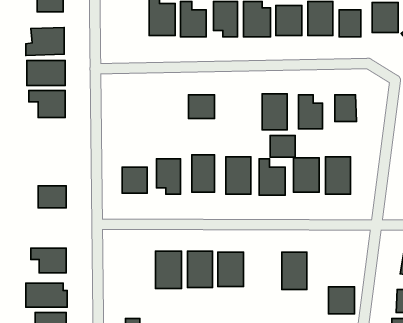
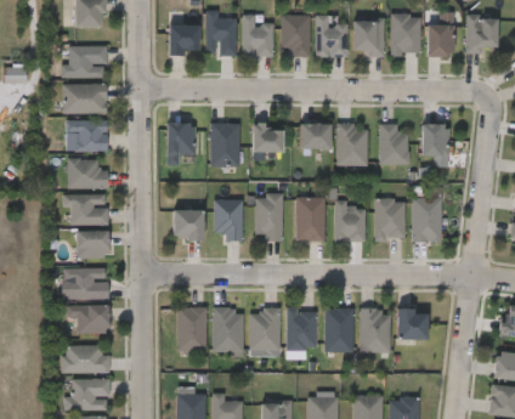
building: none -> [168,26,198,55]
building: none -> [165,124,196,165]
building: none -> [211,124,238,168]
building: none -> [67,160,107,189]
building: [270,135,295,157] -> [301,125,330,151]
building: none -> [62,196,107,223]
building: none -> [63,268,108,298]
building: none -> [177,307,205,352]
building: none -> [324,308,353,352]
building: [328,287,354,314] -> [397,310,428,341]

